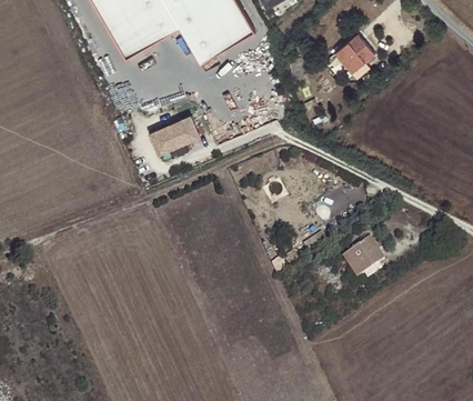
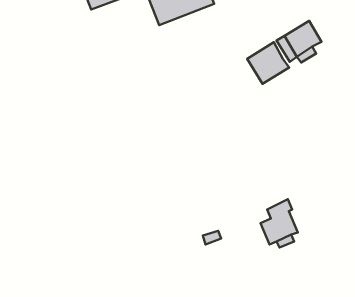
building: none -> [247,42,289,84]
building: [150,114,200,153] -> none

